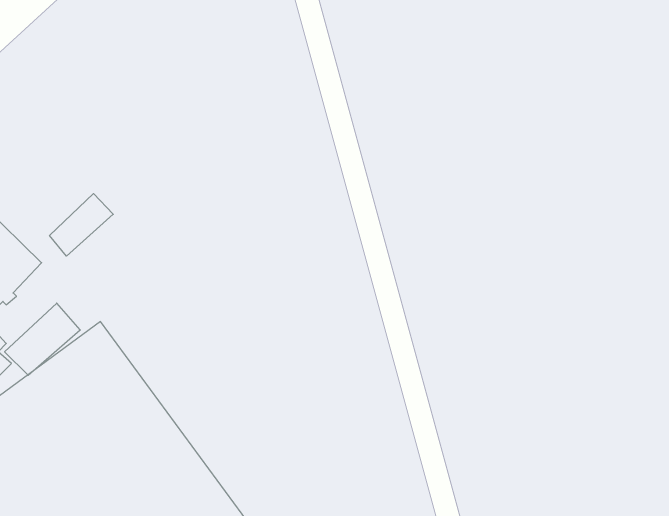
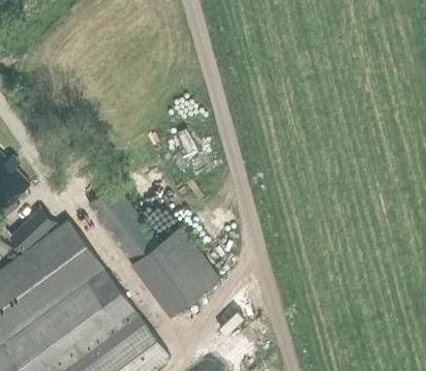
building: [50,194,113,256] -> none
building: none -> [88,185,222,317]

